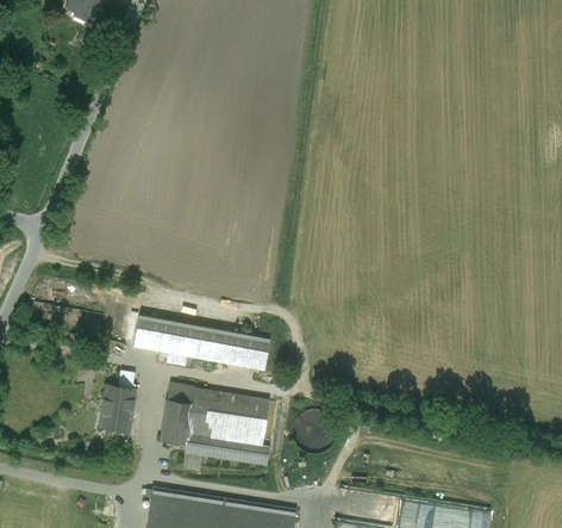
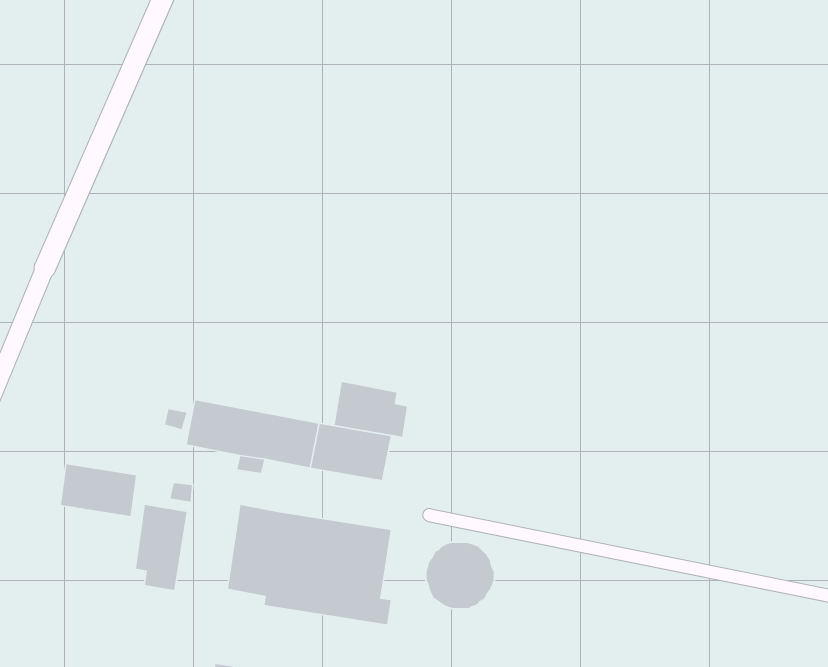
building: none -> [334,381,408,438]
building: none -> [60,463,137,517]

